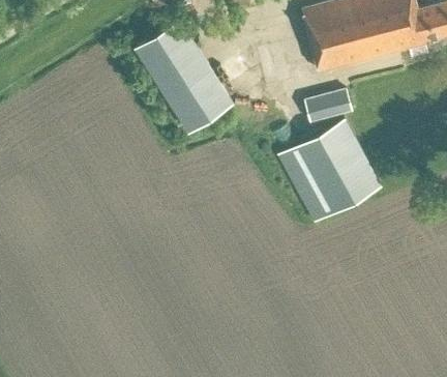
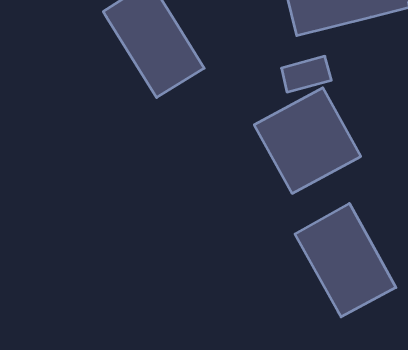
building: none -> [295,203,396,317]

